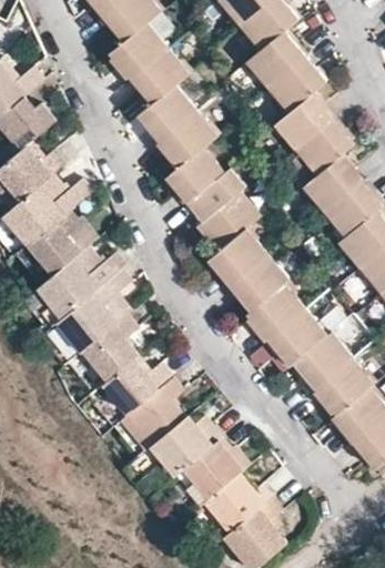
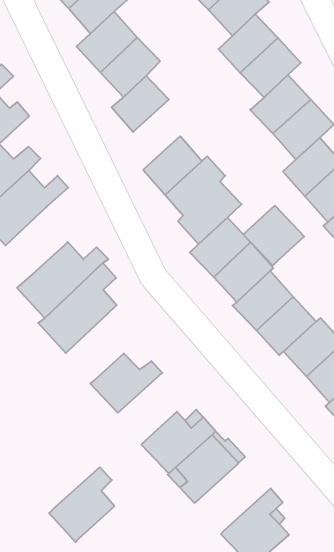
building: [159,111,216,168] -> none
building: [28,210,100,275] -> none
building: none -> [243,206,304,266]
building: [83,317,138,382] -> none
building: [122,378,186,450] -> [49,467,114,542]
building: [201,473,274,536] -> none

